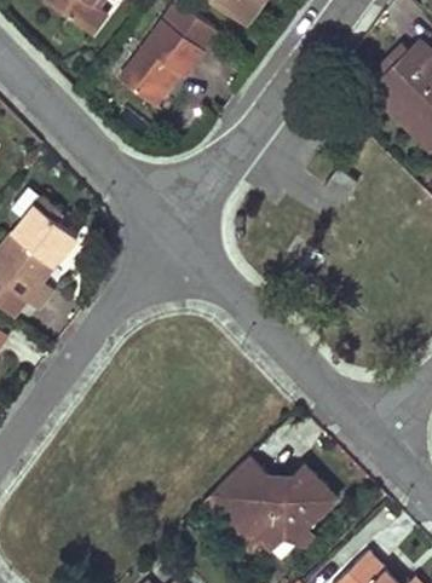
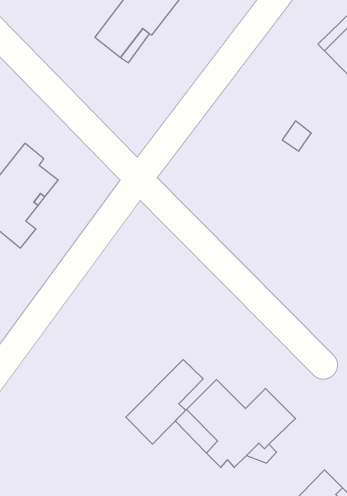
building: none -> [126,360,203,444]

